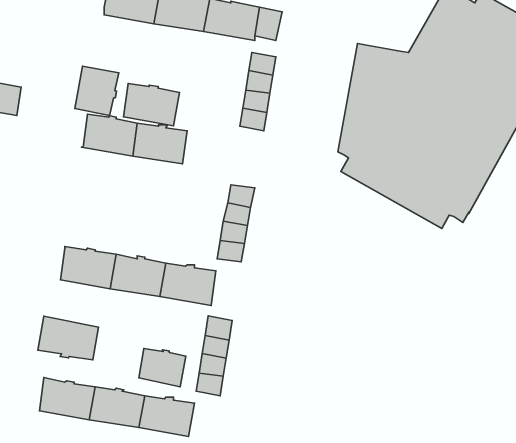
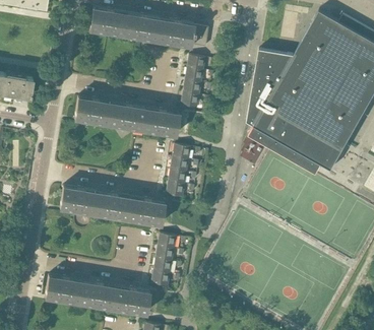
building: [75,66,119,116] -> none
building: [124,84,179,126] -> [142,109,180,137]
building: [38,316,99,360] -> none
building: [139,349,186,387] -> none

